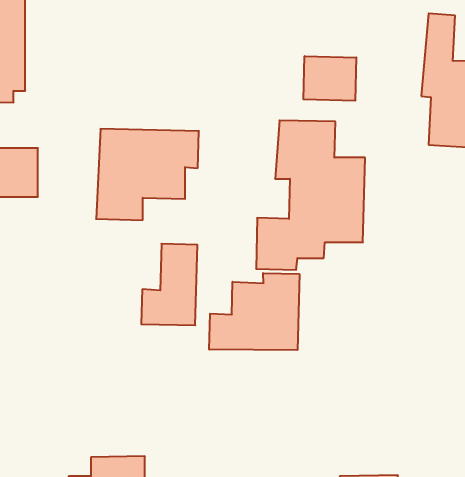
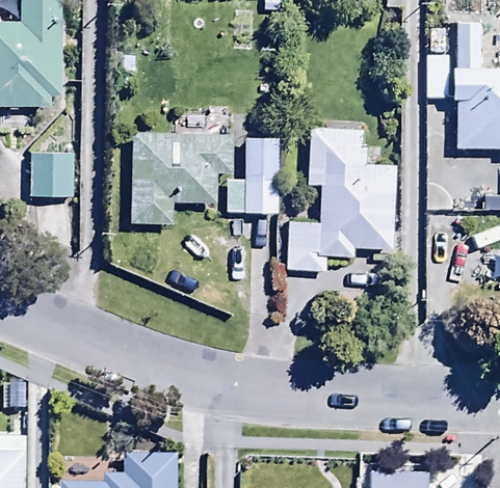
building: [303,56,356,101] -> none
building: [141,244,197,325] -> [226,134,281,214]
building: [209,273,299,350] -> none

